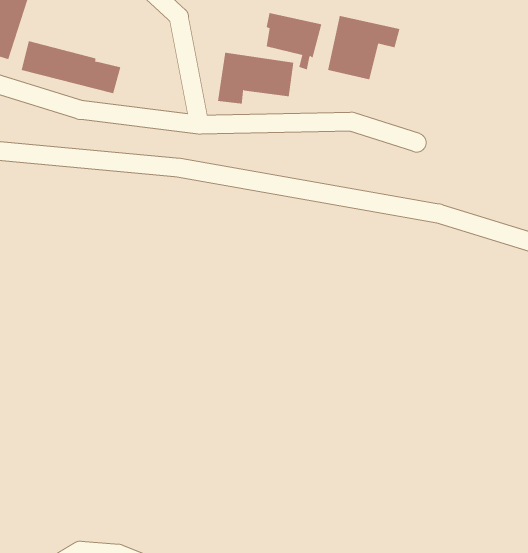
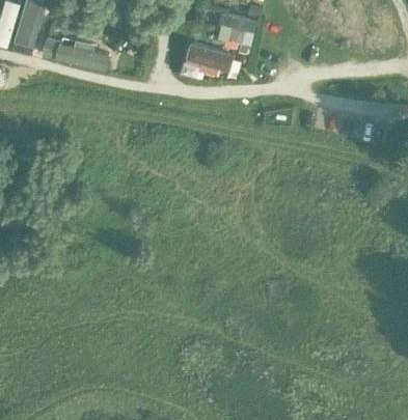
building: [327,15,400,80] -> none

